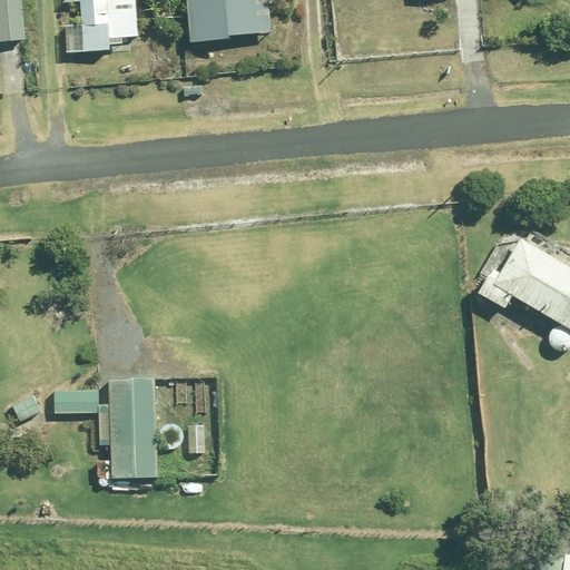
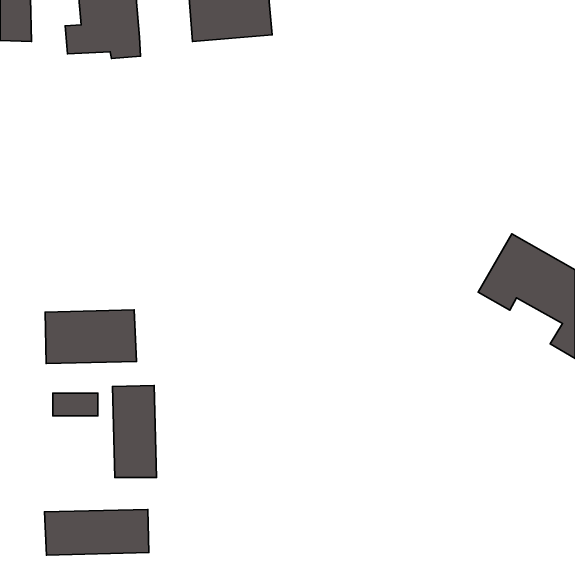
building: none -> [45,310,136,364]
building: none -> [44,509,149,555]

